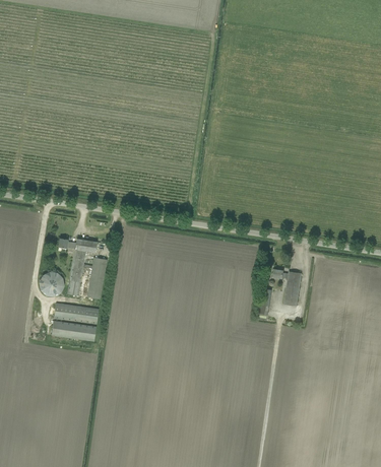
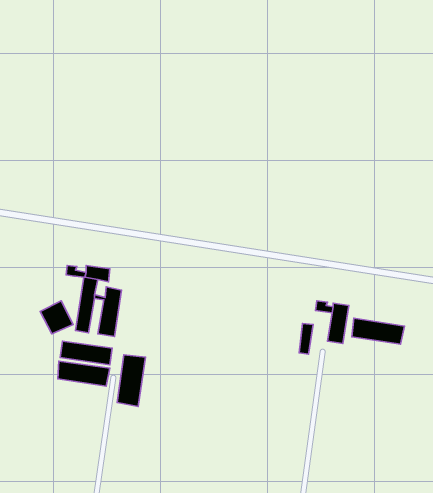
building: none -> [352,318,405,344]
building: none -> [117,355,145,407]

